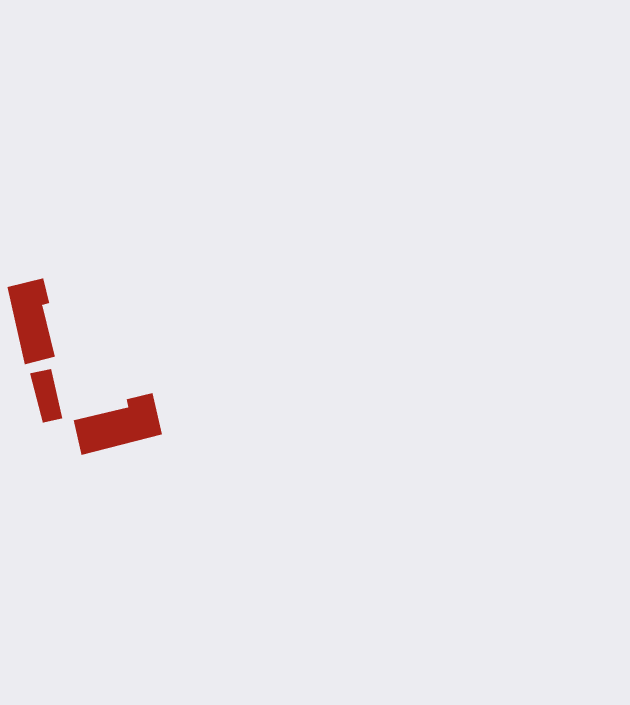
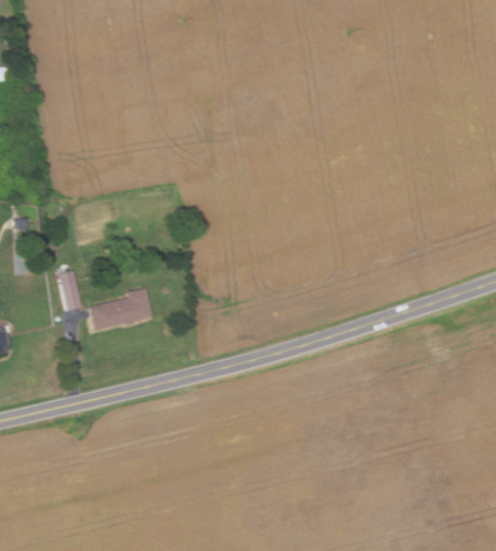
building: [7,277,55,365] -> none

